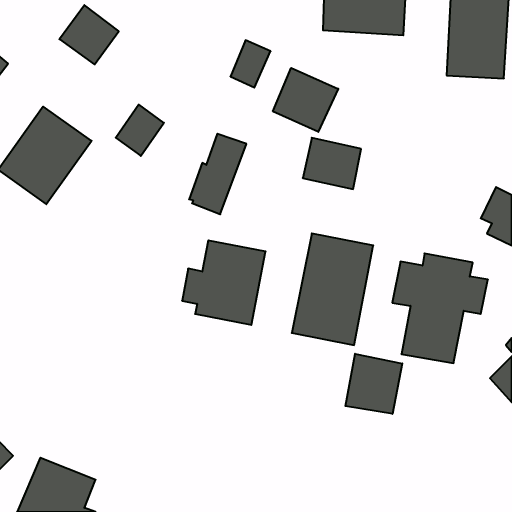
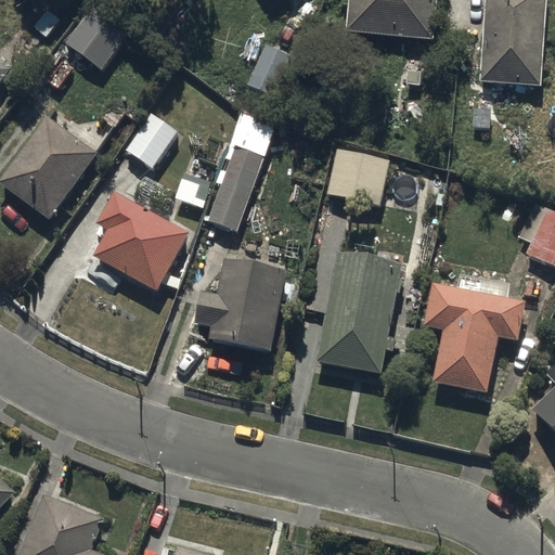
building: [273,68,338,132] -> none
building: none -> [94,190,190,289]
building: [345,354,402,414] -> none

